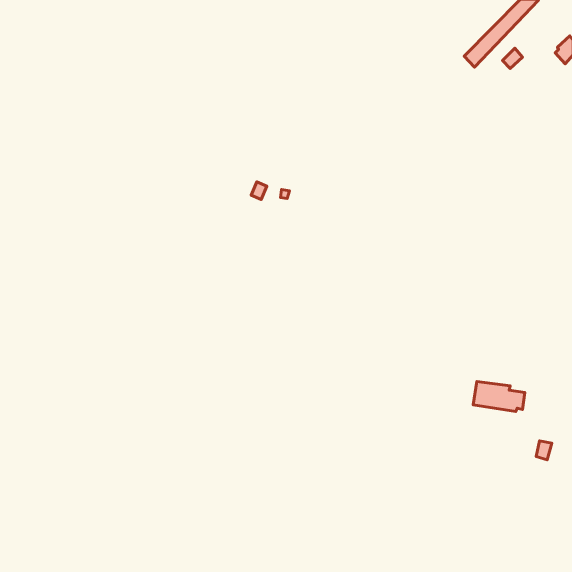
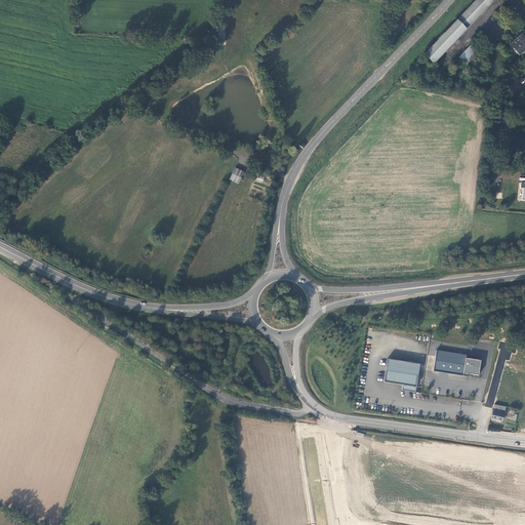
building: none -> [385,358,420,391]

